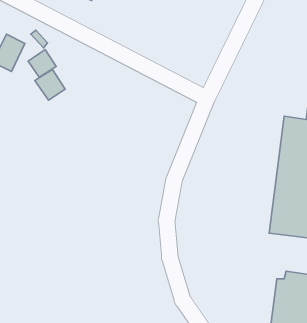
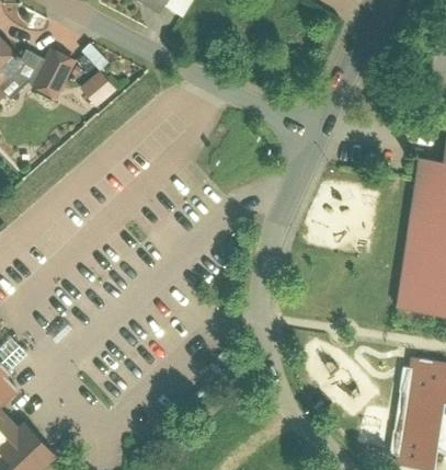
building: [35,69,65,100] -> none

